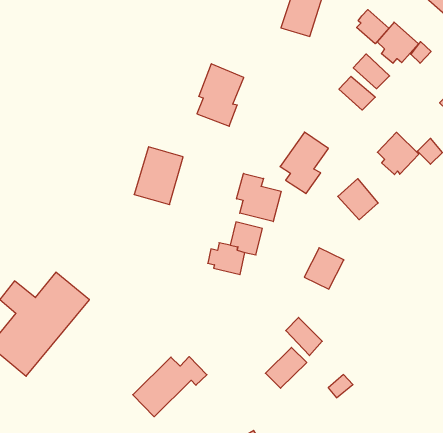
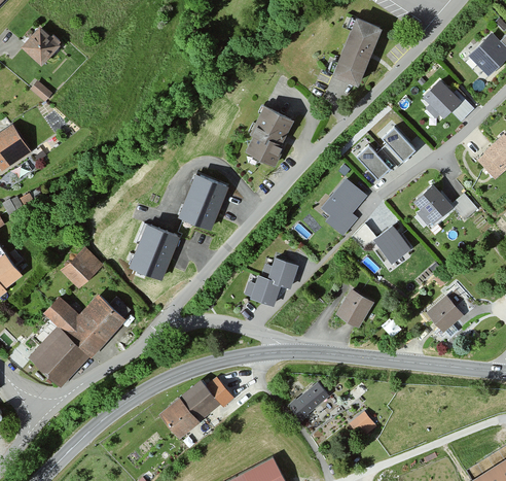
building: [357,10,389,44] -> none
building: [353,54,390,89] -> [356,144,390,178]
building: [237,173,281,222] -> none
building: none -> [130,228,181,285]
building: none -> [62,248,101,286]
building: none -> [425,294,463,331]
building: [286,317,322,356] -> none

